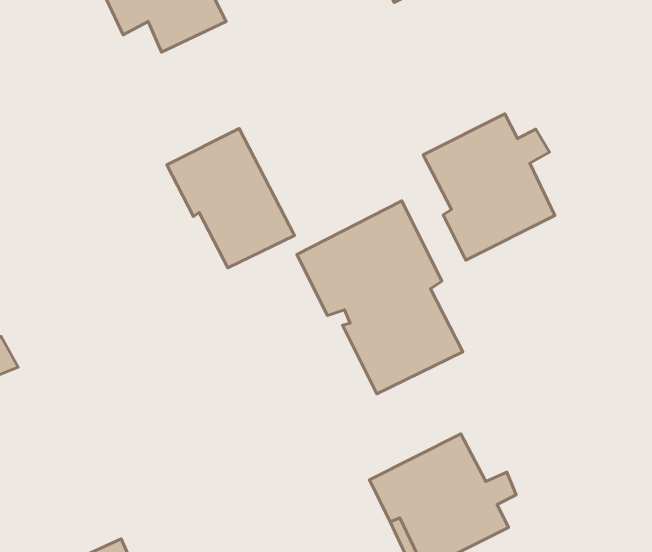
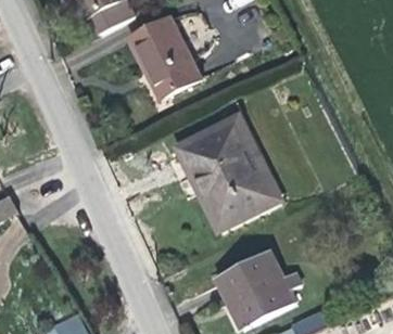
building: [423,114,555,260] -> none
building: [167,129,295,268] -> [128,17,201,97]

